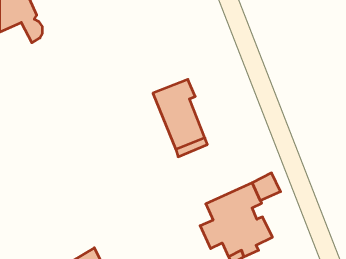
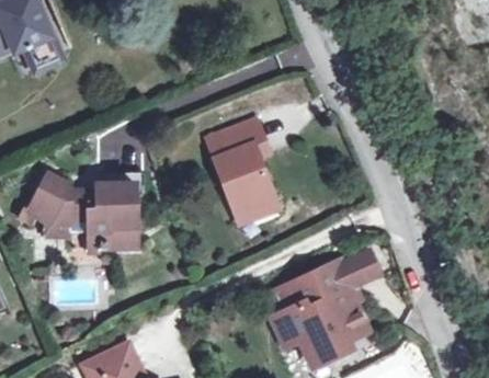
building: none -> [29,174,136,249]

